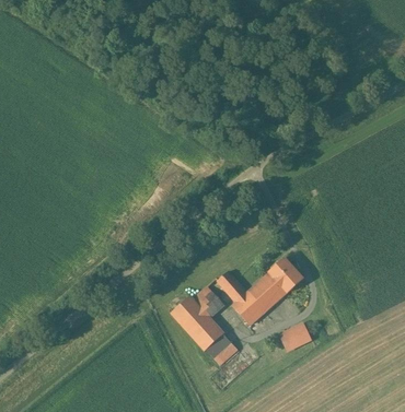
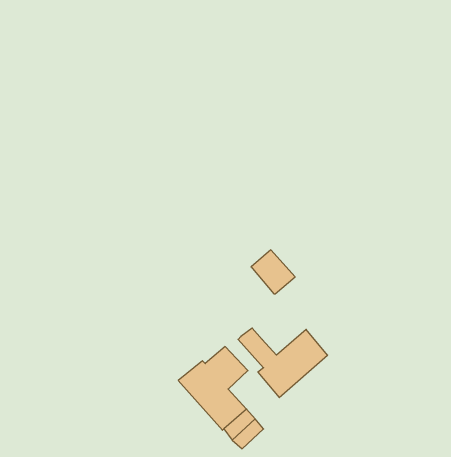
building: [268,258,302,292] -> [251,250,295,294]
building: [279,323,311,350] -> none

